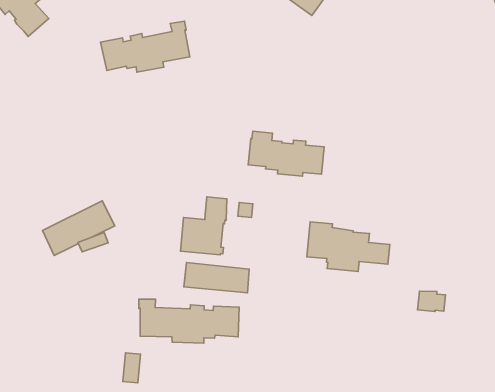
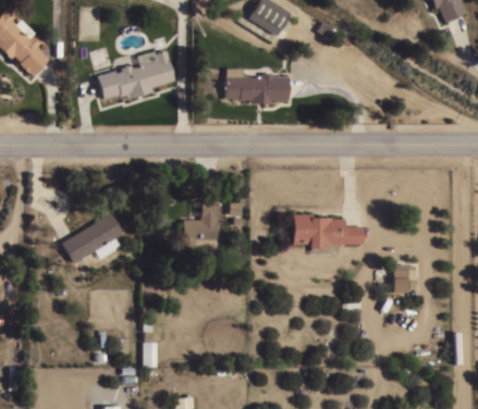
building: [248,131,324,176] -> [224,69,289,103]
building: [184,263,249,293] -> none
building: [139,299,239,343] -> none

